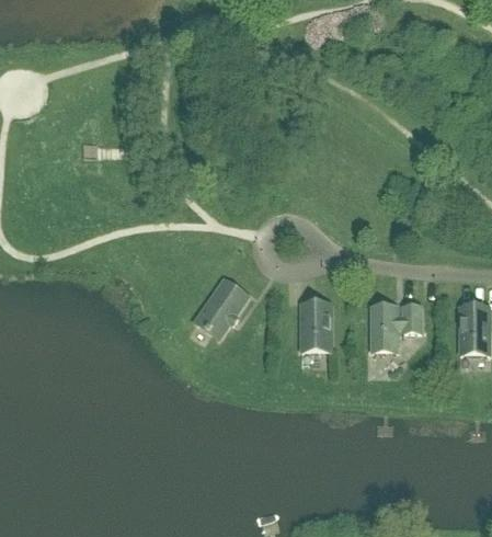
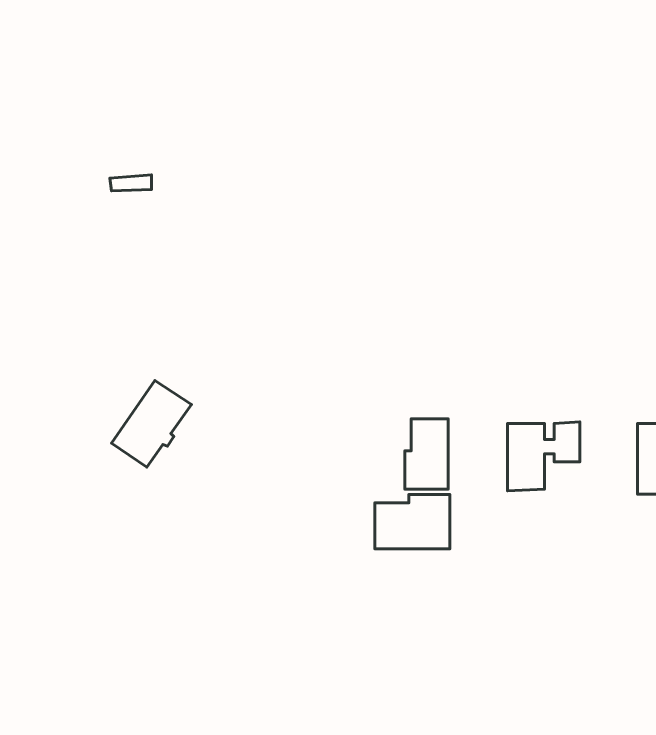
building: [194,277,249,336] -> [111,381,192,467]
building: none -> [375,495,450,549]

